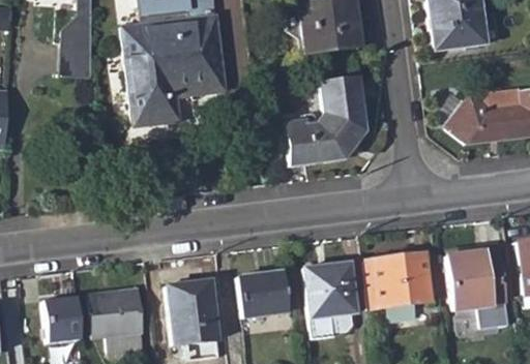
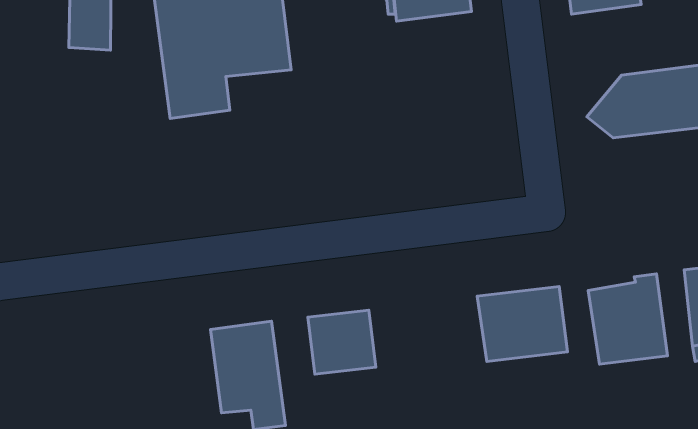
building: [286,79,364,164] -> none
building: [304,262,356,337] -> none
building: [90,289,145,354] -> none
building: [46,297,83,342] -> none

